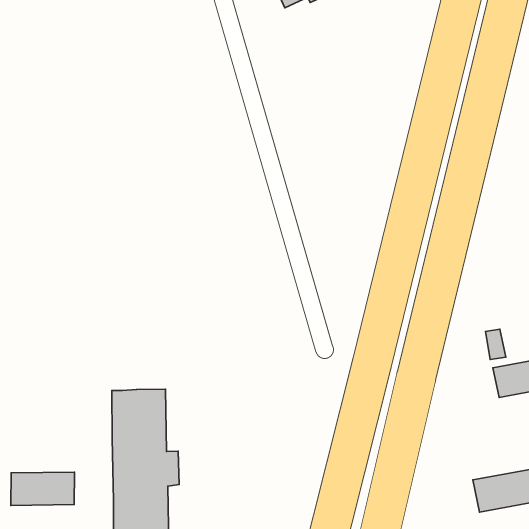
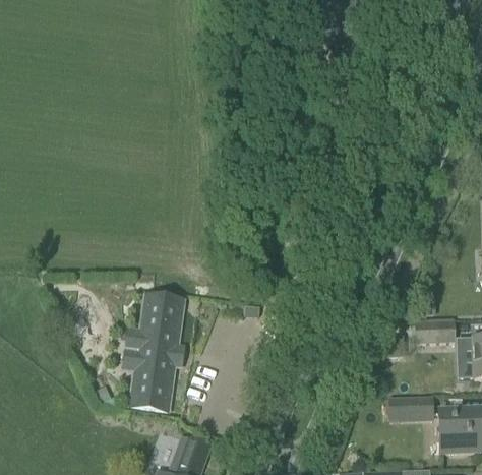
building: [11,472,75,505] -> none

